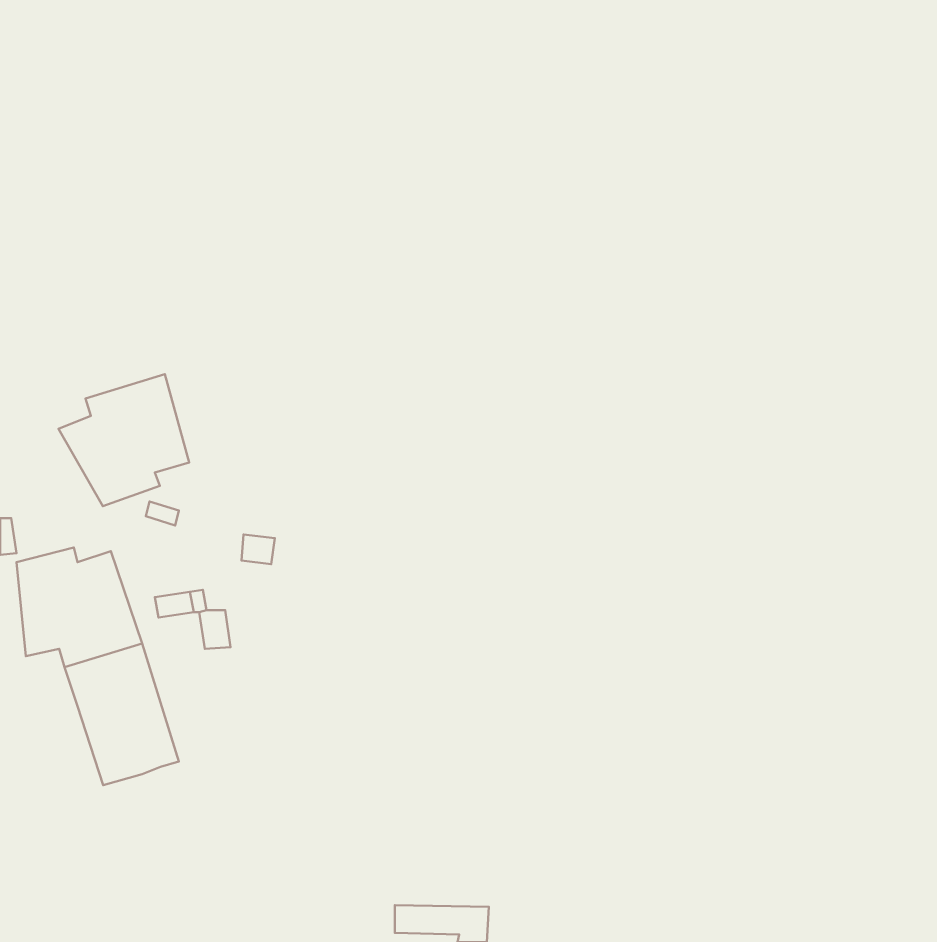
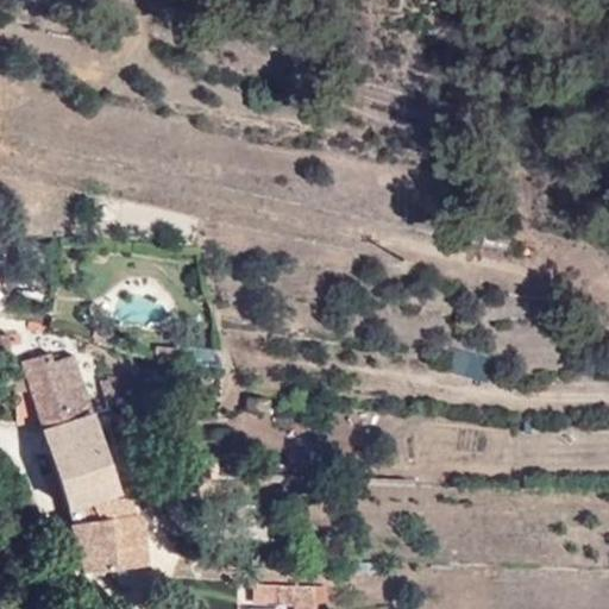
building: [58,374,189,506] -> none
building: none -> [70,500,152,570]

